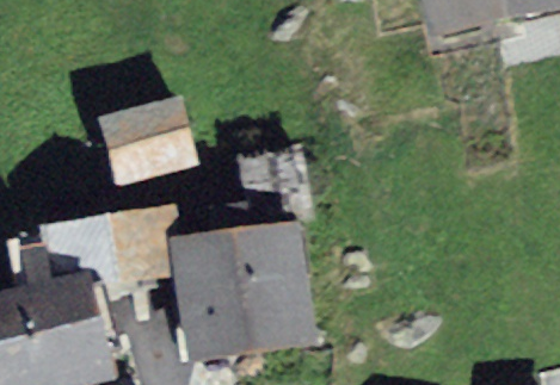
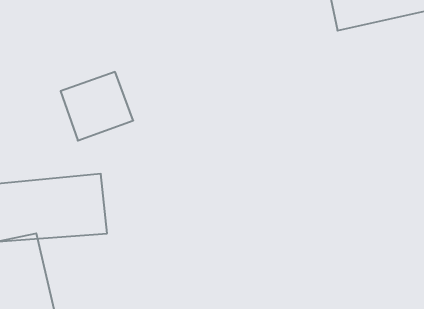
building: [190,226,304,329] -> none

